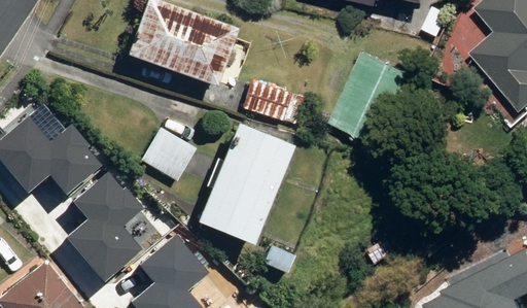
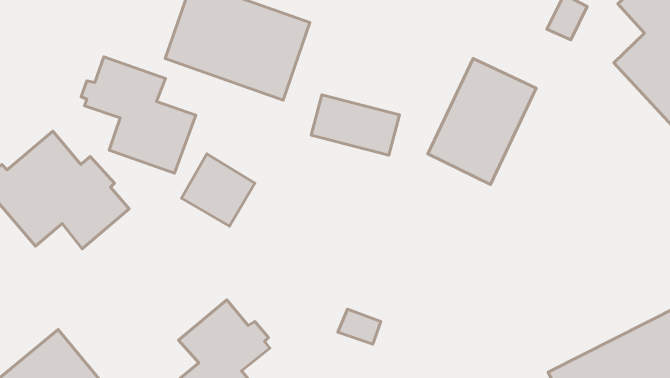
building: none -> [81,57,196,173]
building: [199,121,294,242] -> none
building: [65,175,142,285] -> none

